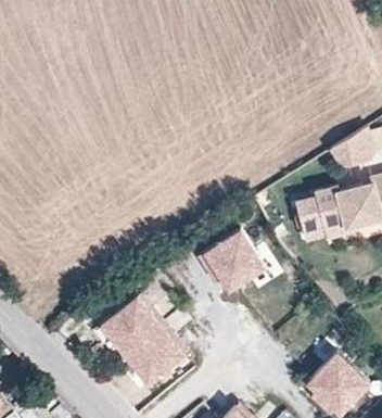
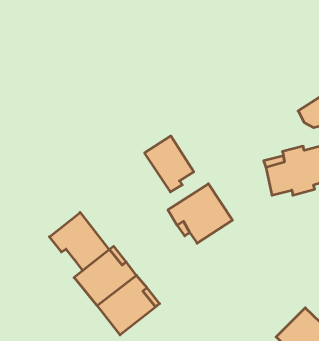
building: none -> [145,136,194,192]
building: none -> [49,212,109,270]

